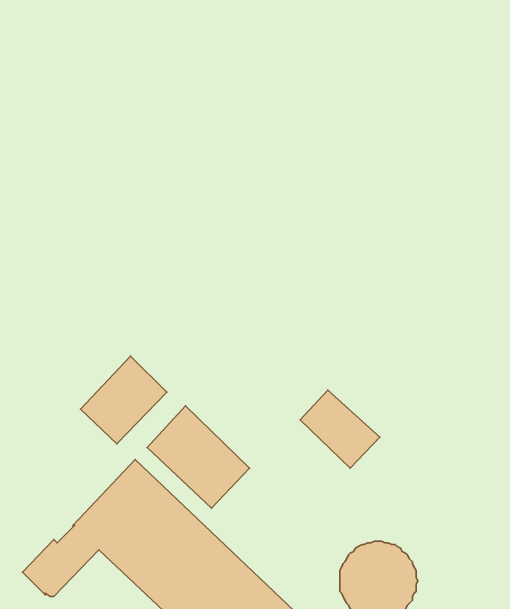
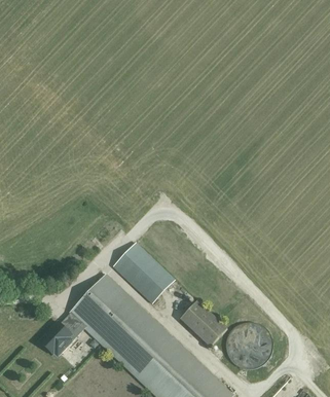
building: [81,356,167,444] -> none
building: [300,390,380,468] -> [180,300,227,347]

